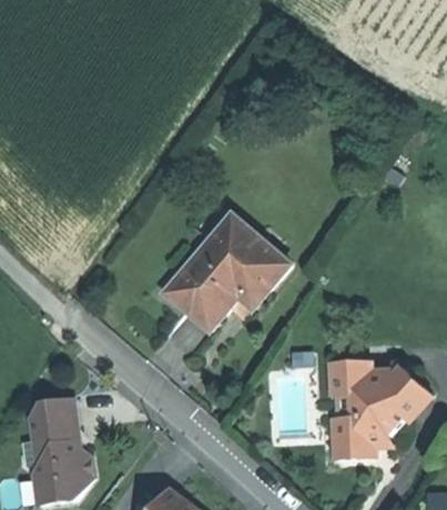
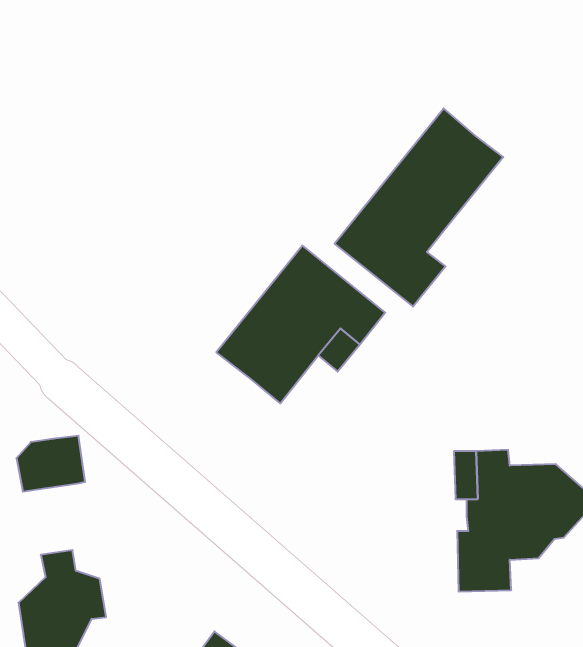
building: none -> [335,108,503,307]
building: [26,397,73,436] -> [16,436,85,492]

